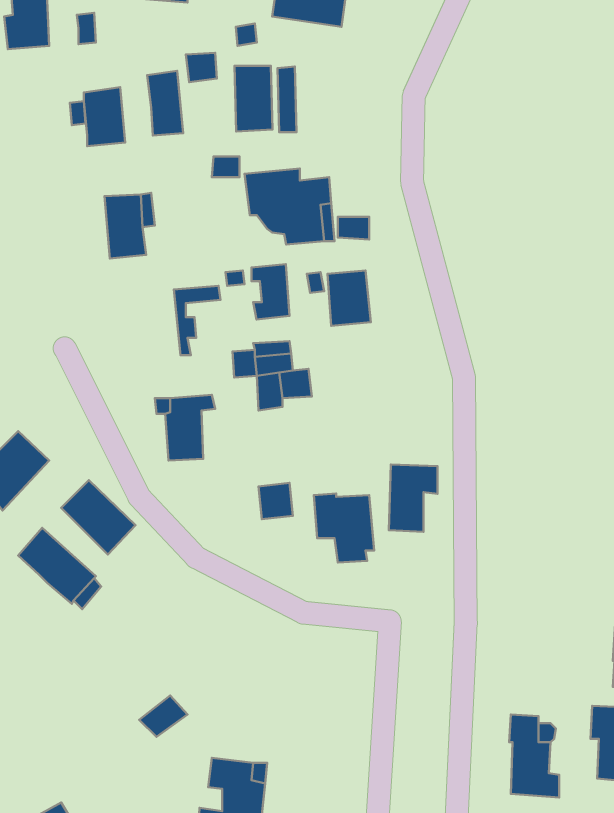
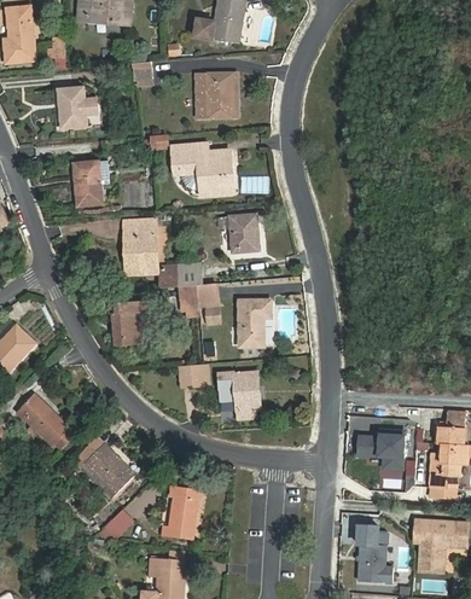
building: [235,66,273,131] -> [207,71,233,117]
building: [147,71,183,136] -> none
building: [251,264,289,319] -> [130,234,157,273]
building: [389,465,437,532] -> [239,298,273,345]
building: [61,480,135,555] -> [82,443,134,495]
building: none -> [356,429,405,469]
building: none -> [168,487,199,539]

